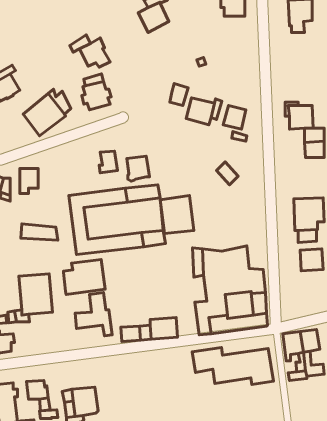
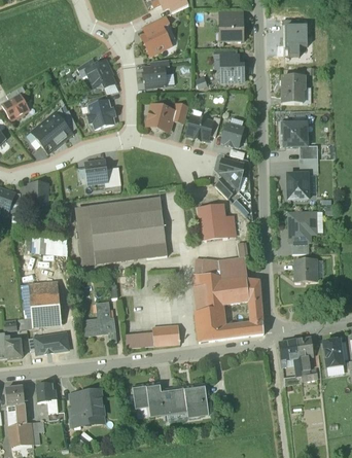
building: none -> [220,56,243,81]
building: none -> [142,66,166,86]
building: none -> [280,76,305,103]
building: none -> [146,105,173,131]
building: none -> [218,158,242,190]
building: [127,156,150,181] -> [85,161,107,184]
building: none -> [287,173,307,198]
building: [160,196,194,234] -> [196,203,227,239]
building: [63,260,105,294] -> none
building: none -> [33,332,67,352]
building: [192,348,274,384] -> [132,382,209,417]

